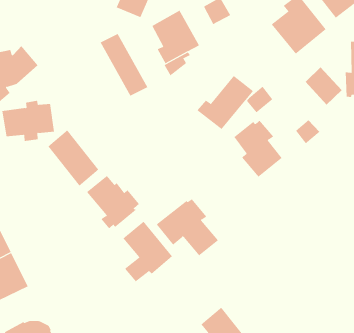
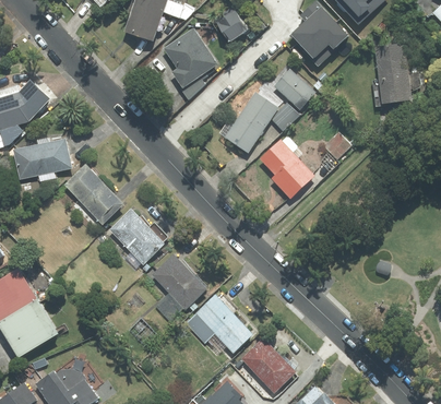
building: [100,33,148,97] -> none
building: [305,67,342,105] -> [274,69,314,109]
building: [156,199,219,256] -> [184,293,252,353]

